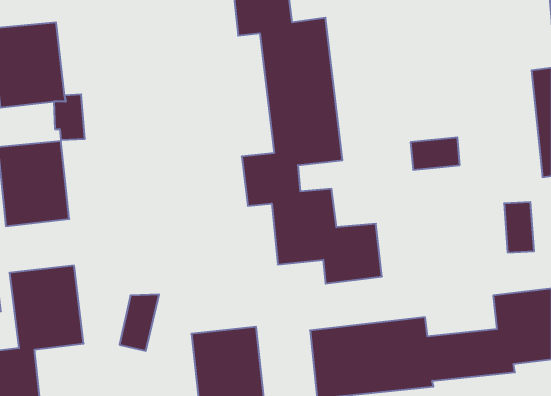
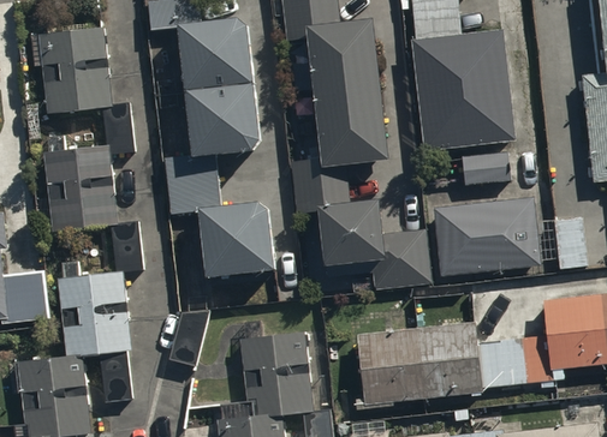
building: none -> [410,18,513,139]
building: none -> [165,22,276,283]
building: none -> [430,187,538,267]

